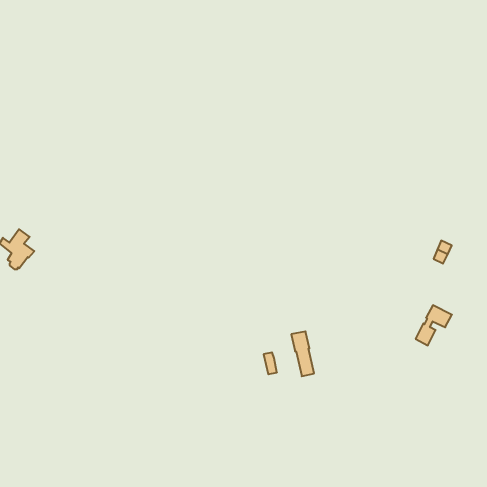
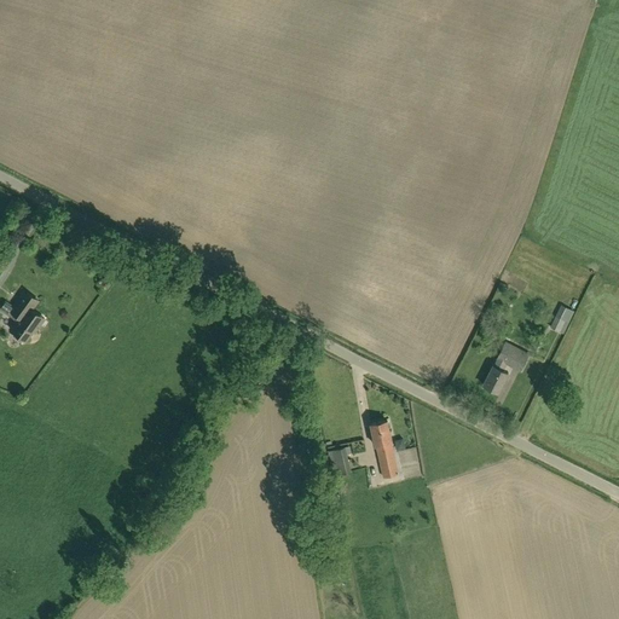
building: [416,305,452,345] -> [482,343,528,394]

